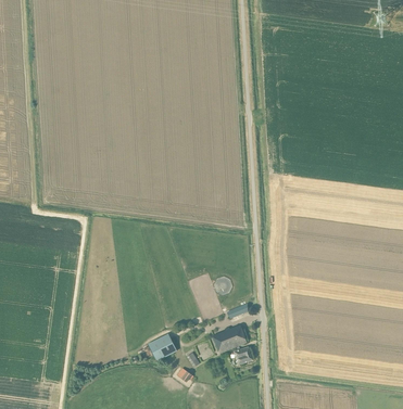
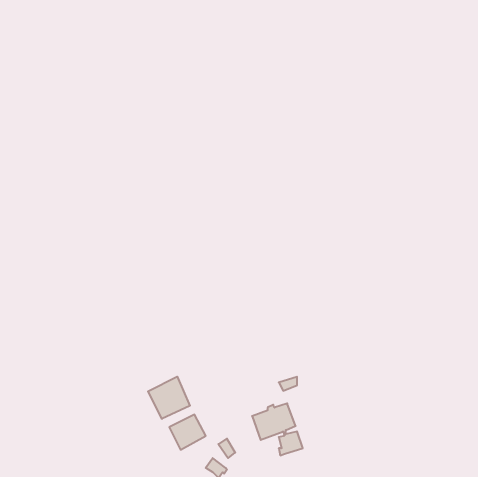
building: none -> [148,377,190,419]

